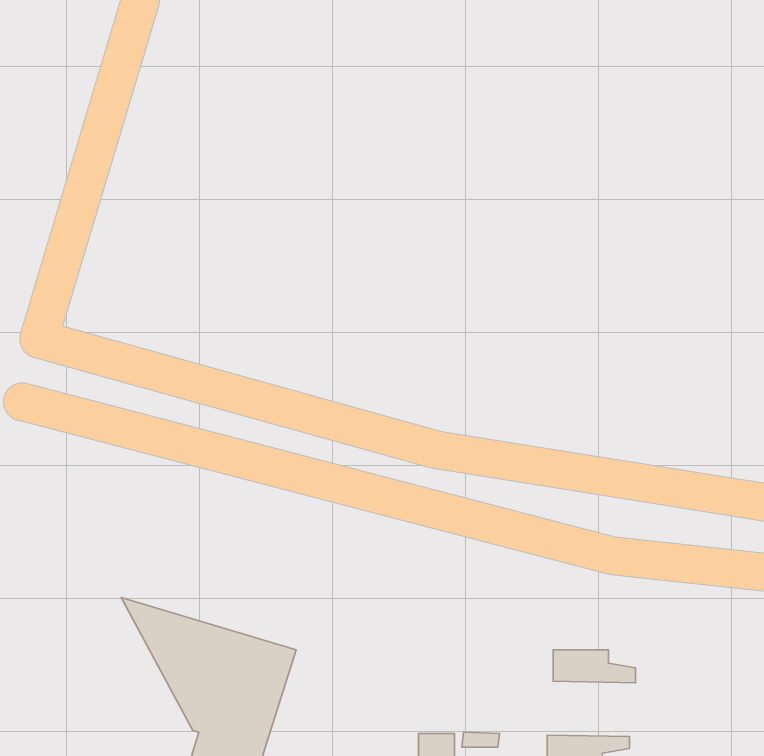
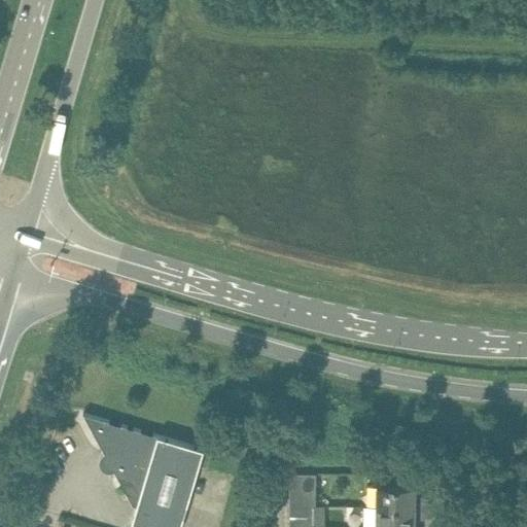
building: [553,650,635,683] -> [377,490,433,513]
building: none -> [288,477,314,511]

